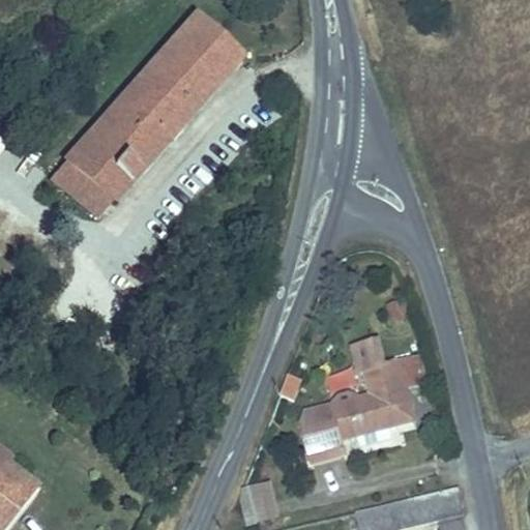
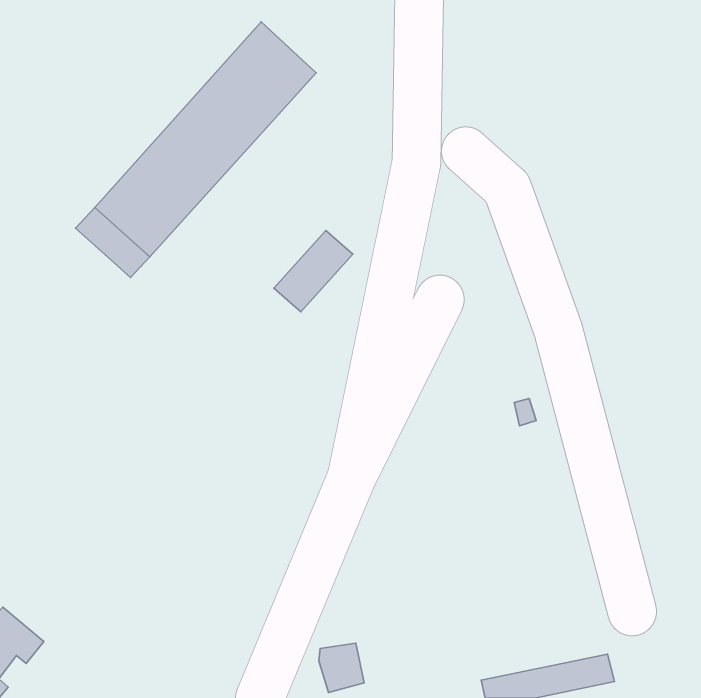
building: none -> [274,231,353,312]
building: [298,340,425,463] -> none

